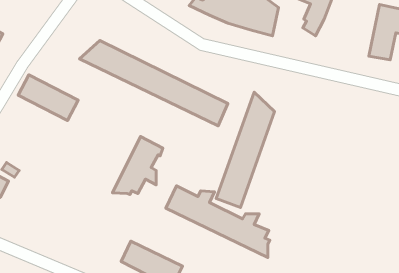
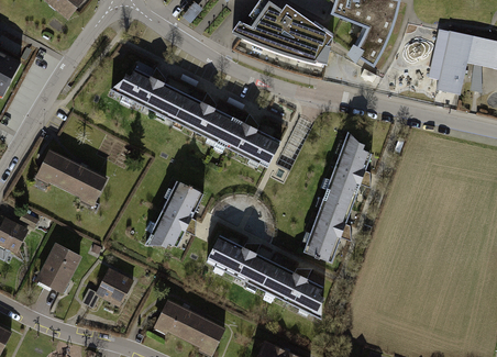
building: [18,75,78,120] -> [37,150,106,202]
building: [216,92,275,207] -> [303,130,369,260]
building: none -> [38,244,81,292]
building: none -> [81,266,134,305]

